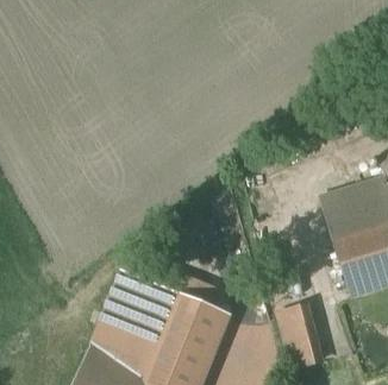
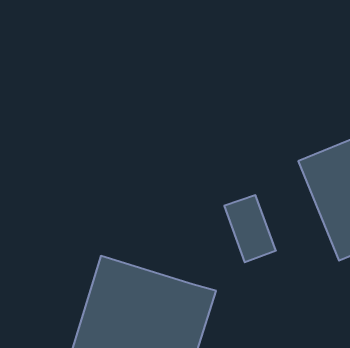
building: [279,303,324,366] -> [224,195,276,262]

